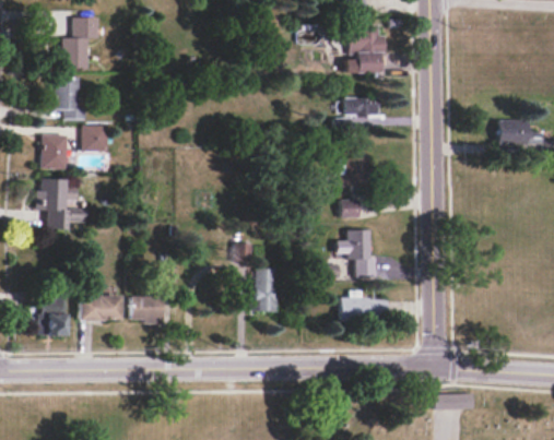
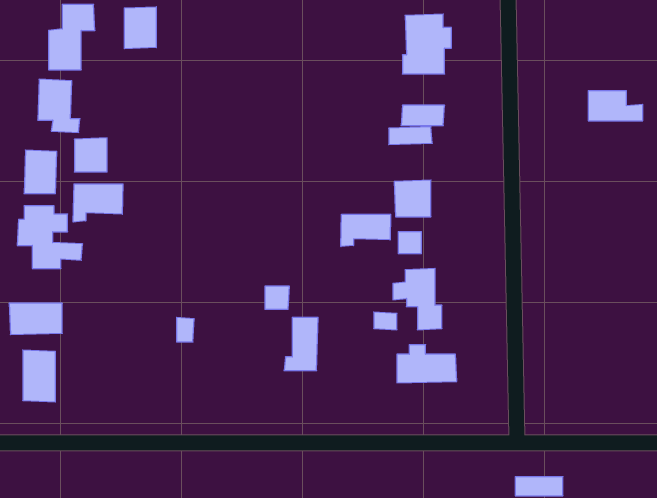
building: none -> [124,7,156,49]
building: [497,120,541,144] -> [588,91,643,121]
building: none -> [73,184,123,222]
building: none -> [341,214,391,247]
building: [79,296,121,321] -> [9,303,62,335]
building: [132,296,165,323] -> none

